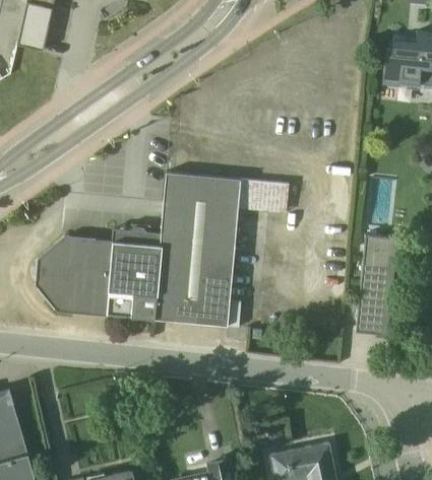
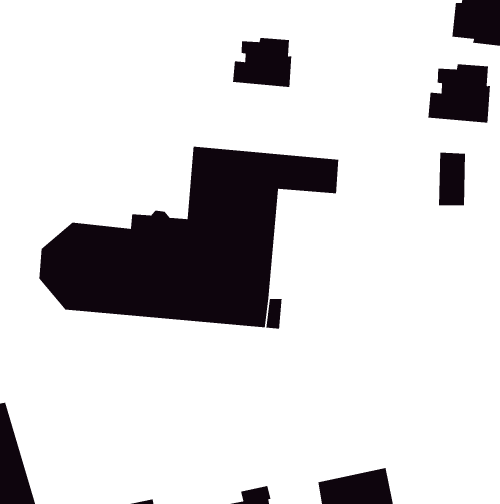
building: none -> [232,37,292,88]
building: none -> [427,64,491,124]
building: [356,236,396,336] -> none

